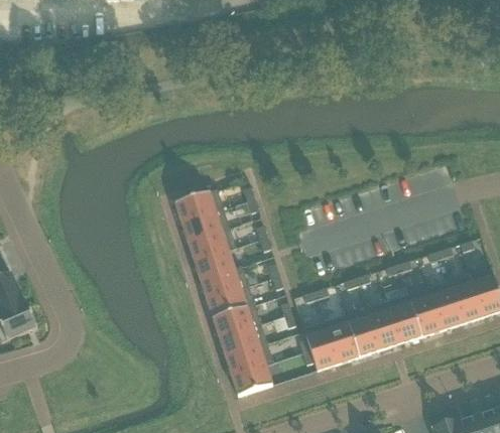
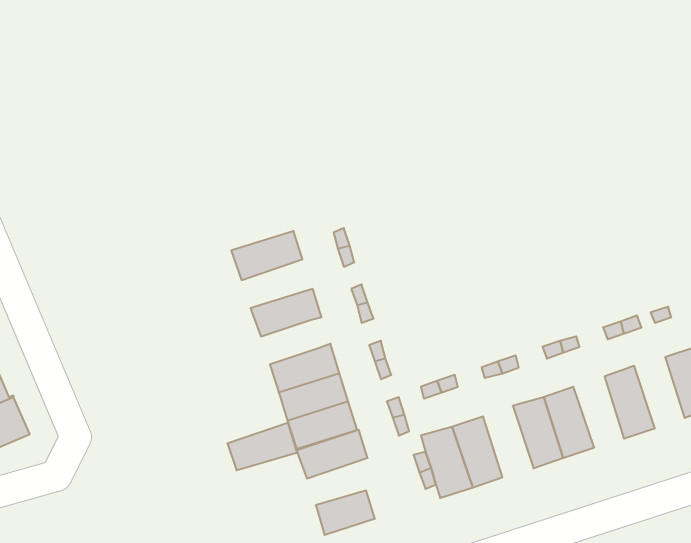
building: [181,208,230,242] -> none
building: [195,250,234,280] -> none
building: [449,275,483,323] -> none
building: [407,288,442,336] -> none
building: [346,308,380,356] -> none
building: [226,343,273,376] -> [227,423,297,470]

